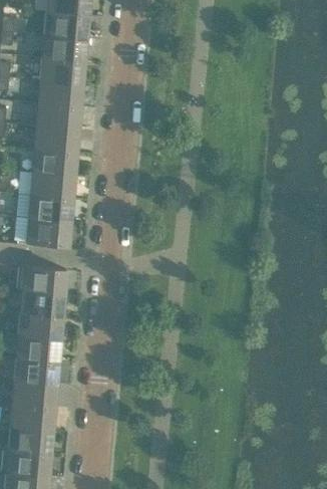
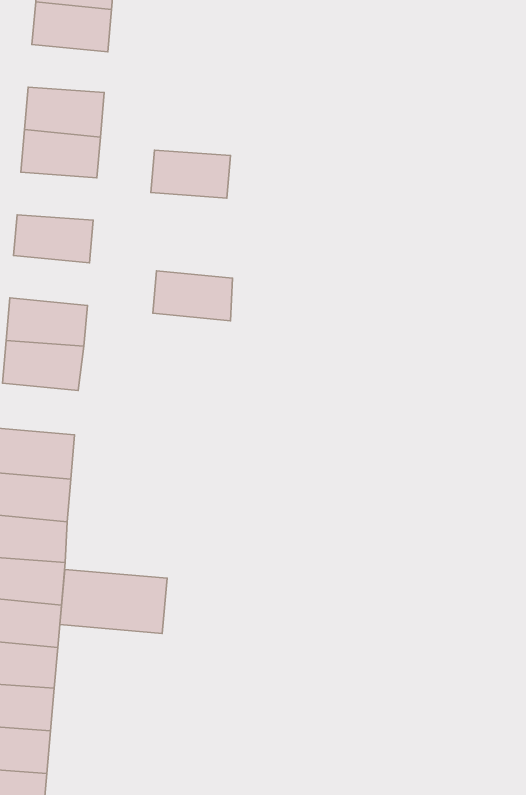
building: [39,57,82,83] -> none
building: [33,127,76,153] -> [151,150,231,198]
building: [29,172,72,199] -> [153,271,232,321]
building: none -> [60,569,167,633]

